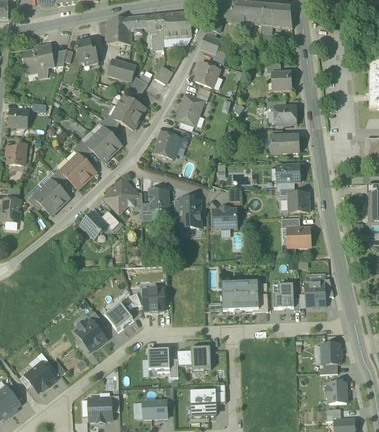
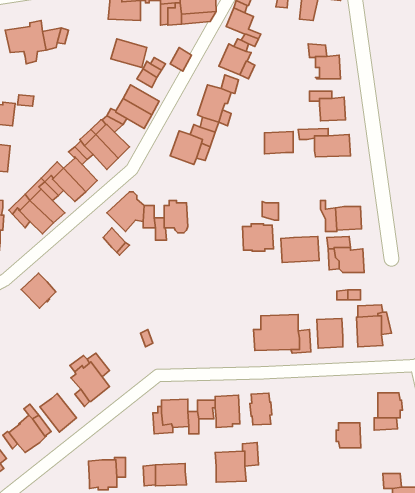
building: [76,39,99,64] -> none
building: [277,164,300,182] -> [265,131,293,154]
building: [180,197,201,227] -> none
building: [80,211,108,239] -> [21,273,56,308]
building: none -> [281,236,319,263]
building: [143,288,165,310] -> none
building: [105,302,133,330] -> none
building: none -> [250,393,272,425]
building: none -> [40,393,76,432]
building: [326,382,346,402] -> [336,423,361,448]

